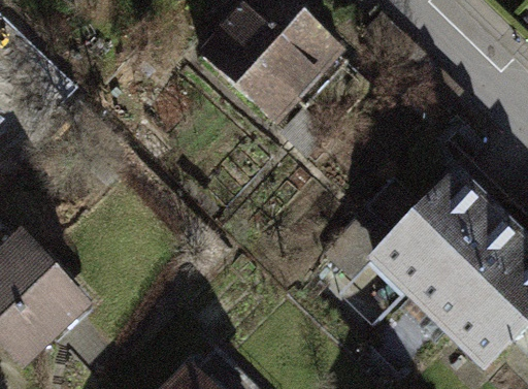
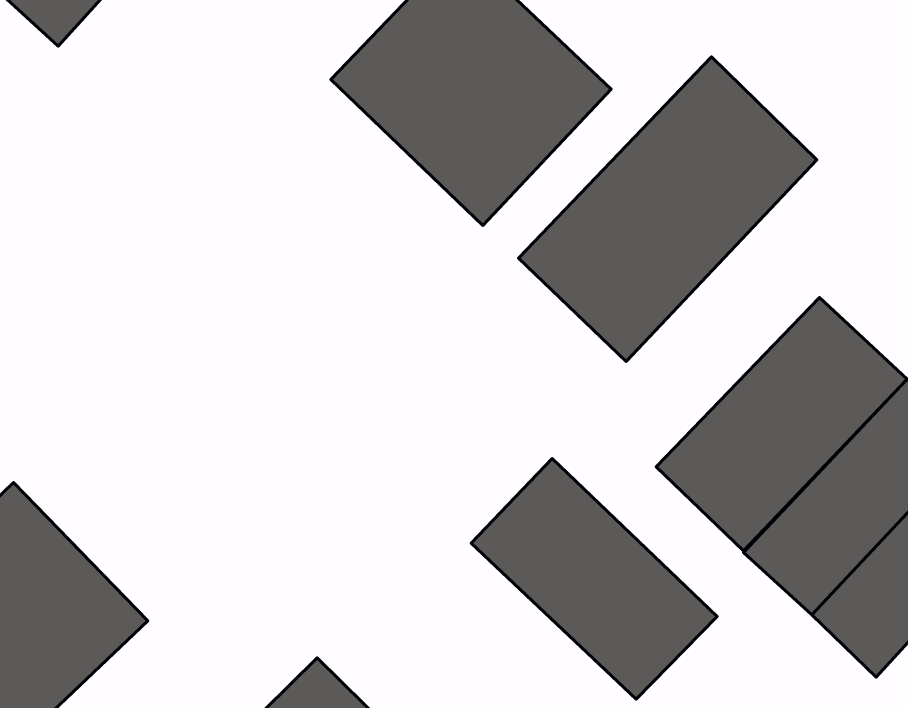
building: none -> [518,57,817,361]
building: none -> [471,459,717,699]

